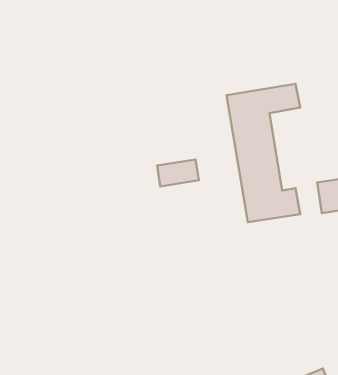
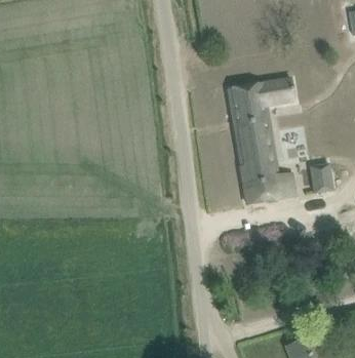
building: [157,159,199,186] -> none

